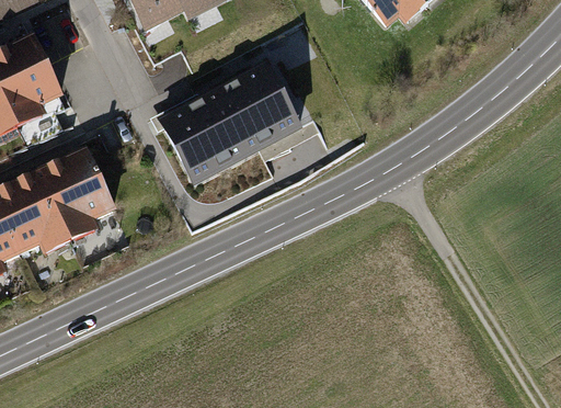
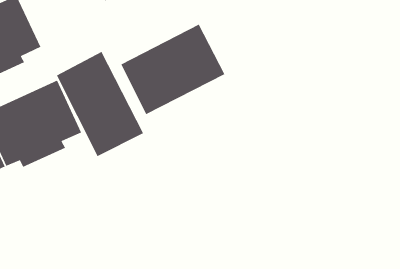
building: none -> [56,51,144,157]

